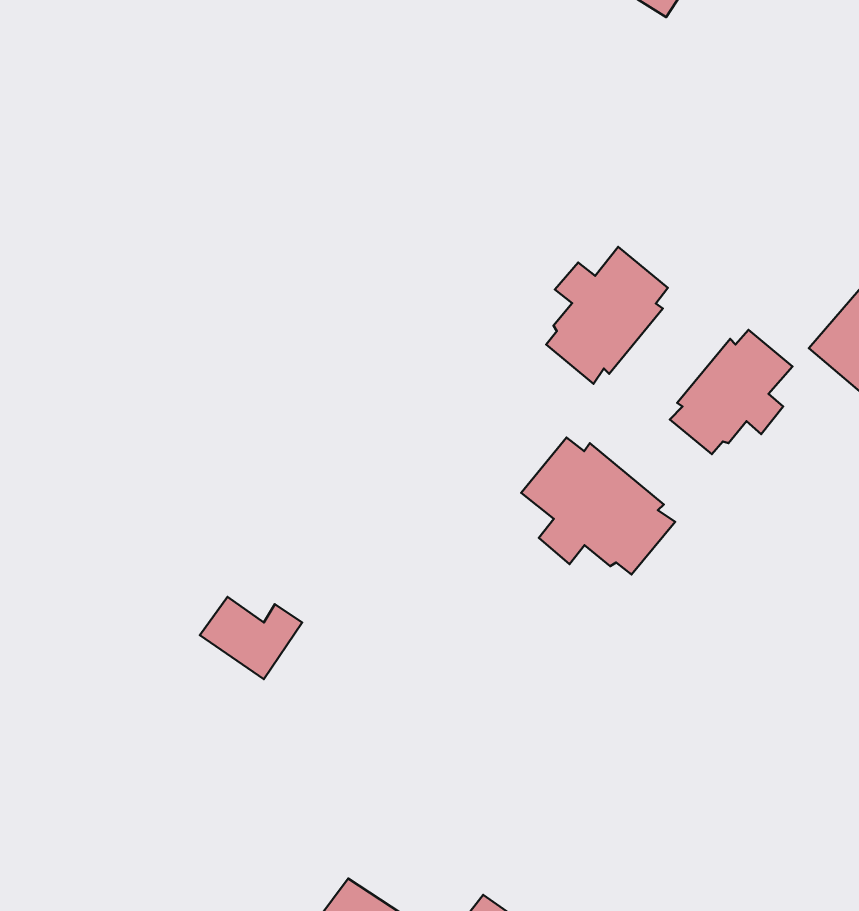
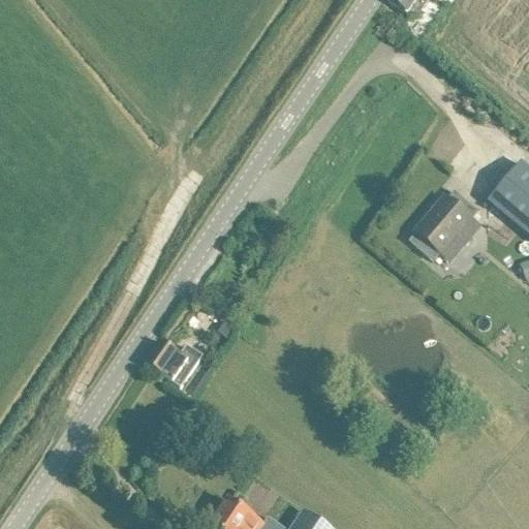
building: [546,247,668,384] -> none
building: [521,437,675,575] -> none

